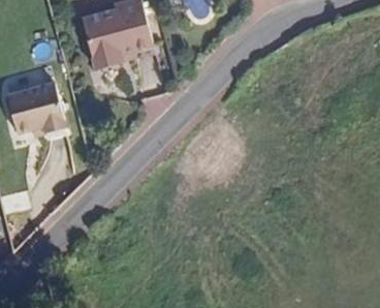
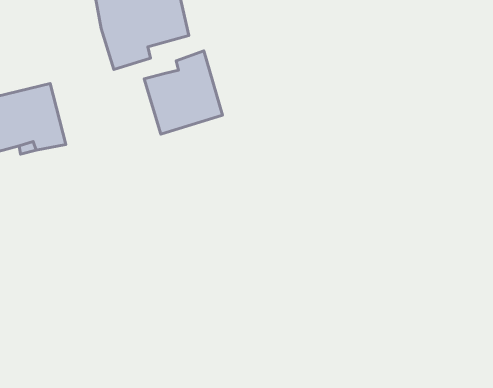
building: none -> [144,51,223,134]

